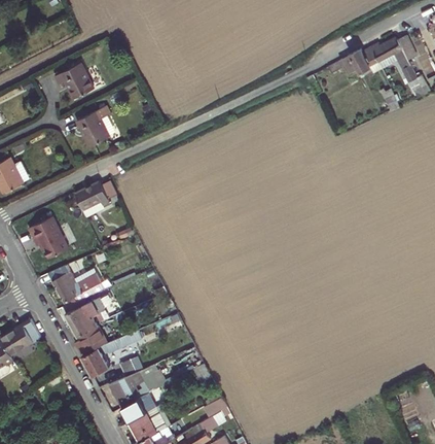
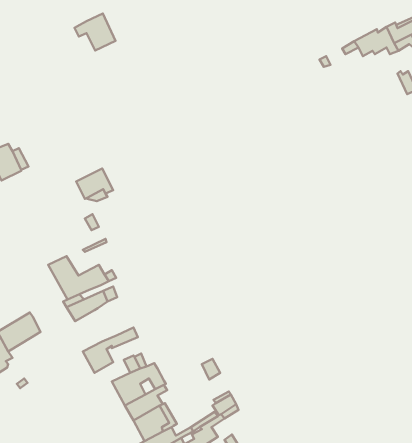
building: [53,63,93,98] -> [75,14,116,50]
building: [76,106,108,146] -> none
building: [30,217,70,260] -> none
building: [73,316,113,354] -> none

